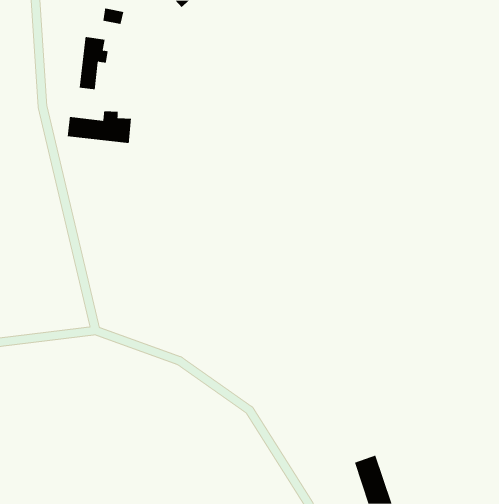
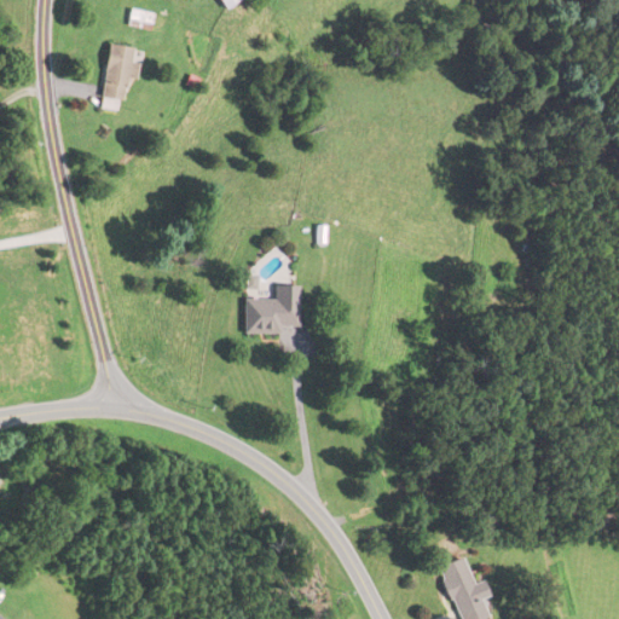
building: [67,110,131,144] -> none
building: none -> [245,284,301,332]

